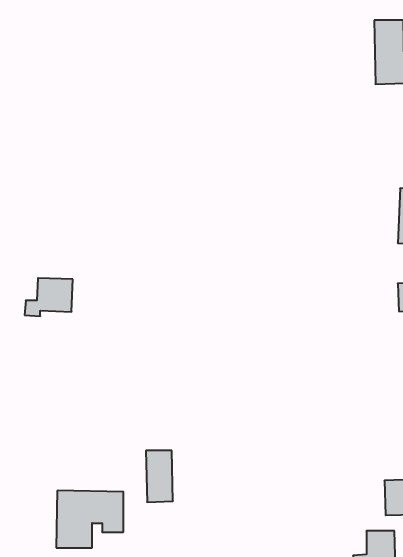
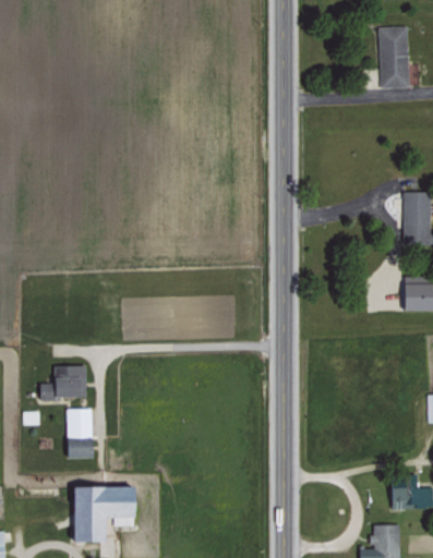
building: [25,278,73,316] -> [39,365,86,402]
building: [146,451,173,502] -> [67,409,93,459]

